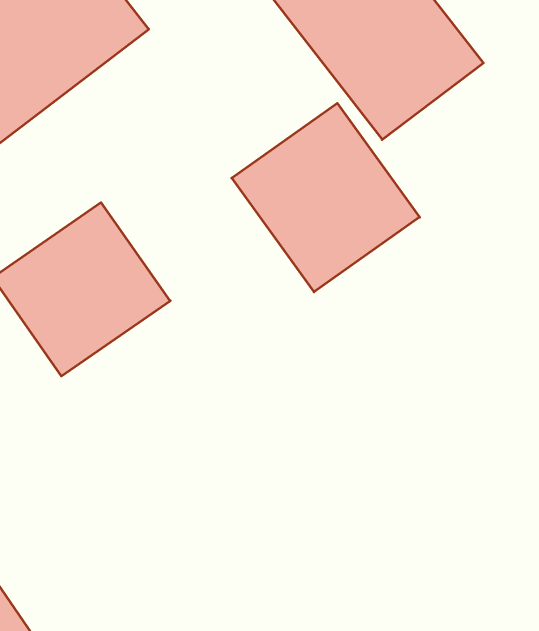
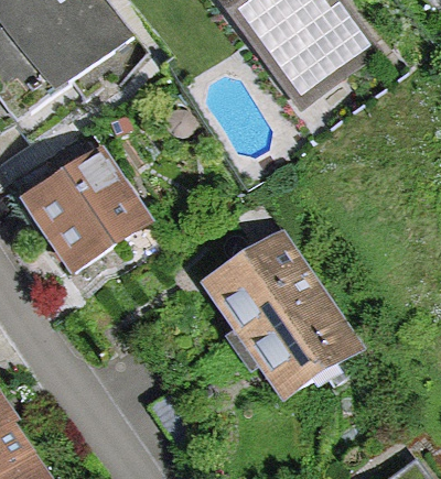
building: [232,103,420,292] -> none
building: none -> [198,229,357,398]

